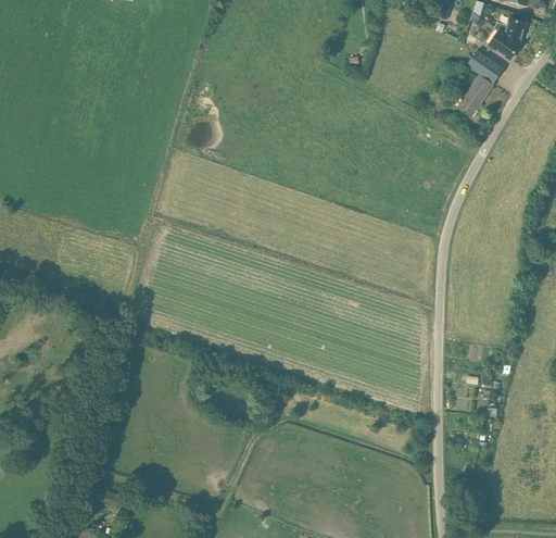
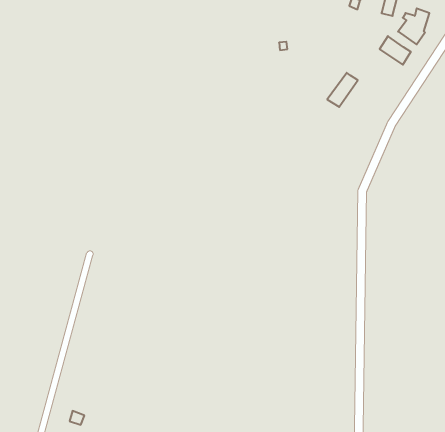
building: [457,76,493,116] -> [327,73,358,107]

